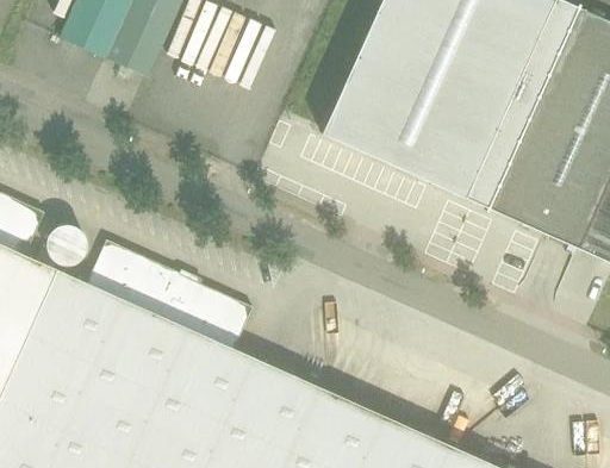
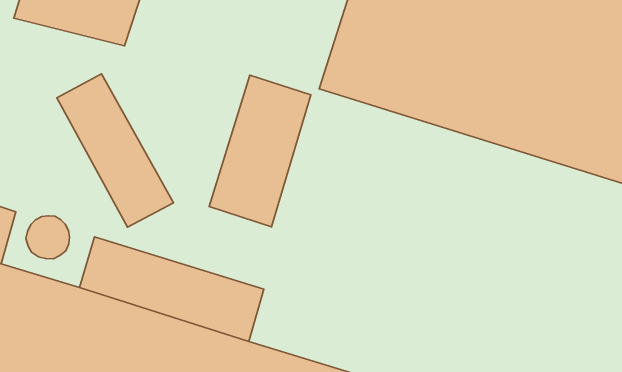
building: none -> [57,74,173,227]
building: none -> [209,75,311,227]

